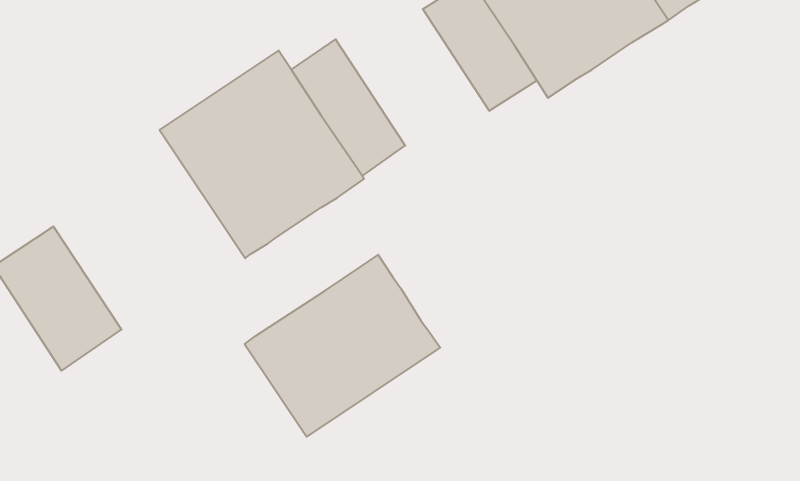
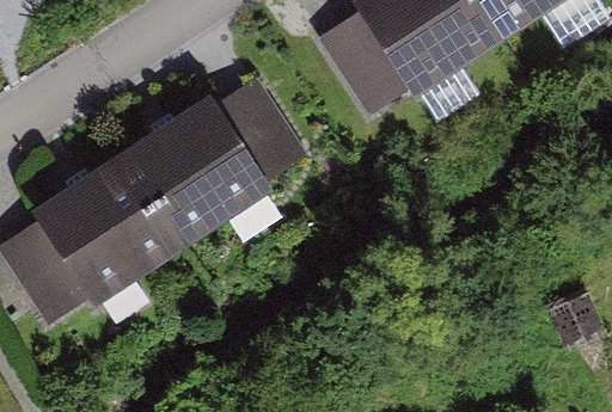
building: none -> [35,141,189,297]
building: [245,255,440,437] -> none

